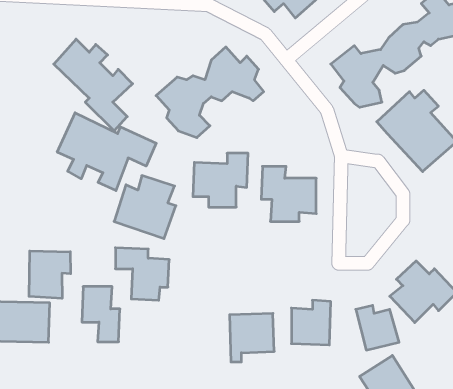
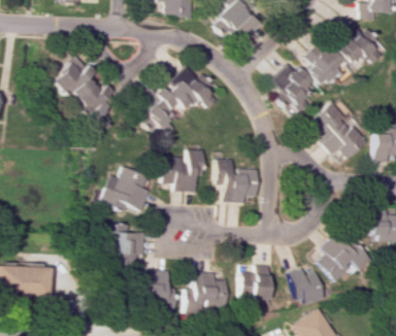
building: [57,113,156,191] -> none
building: [29,251,71,298] -> none
building: [82,287,120,342] -> [143,269,173,312]

